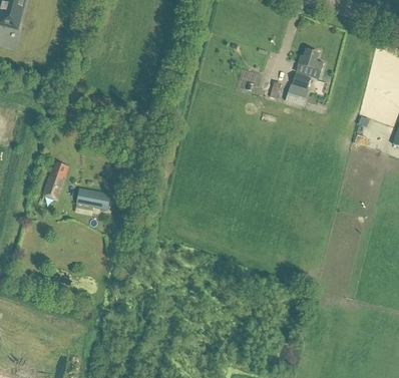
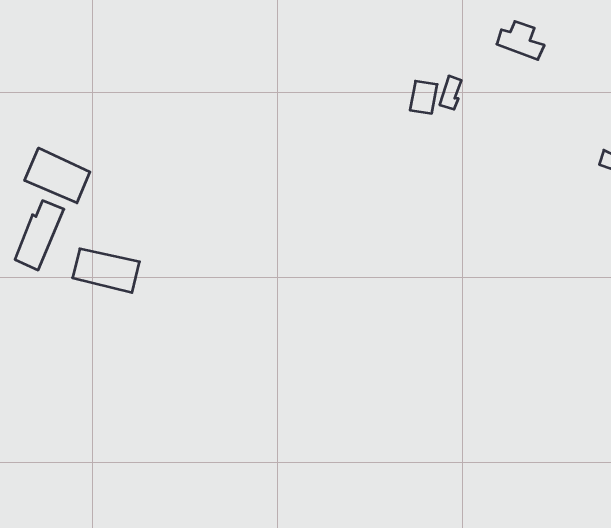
building: [285,71,311,105] -> none
building: none -> [25,148,90,203]

